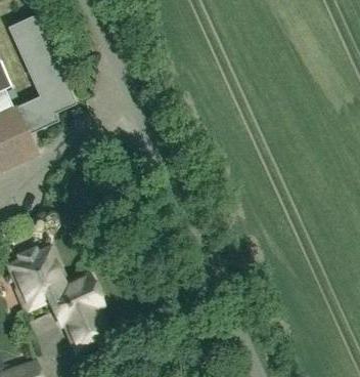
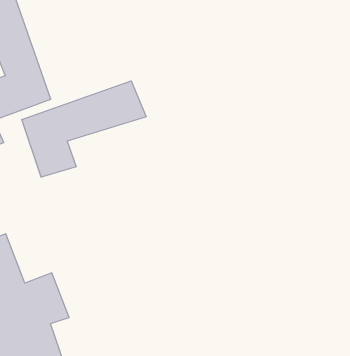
building: none -> [22,81,146,177]

